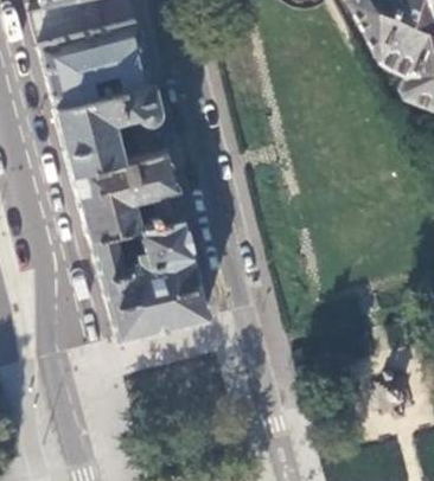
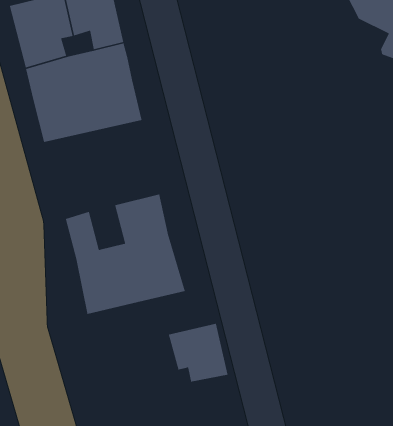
building: [72,154,184,248] -> none
building: none -> [168,323,229,383]

